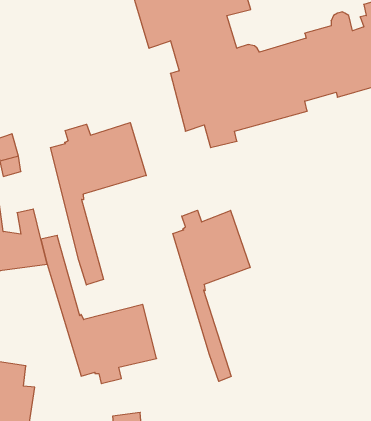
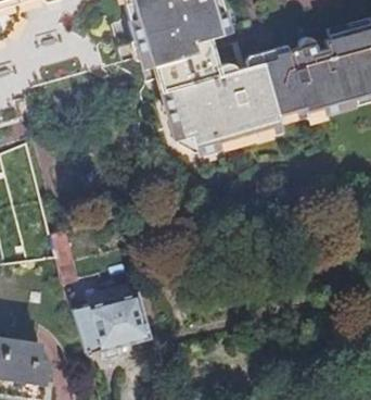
building: [51,123,146,285] -> none
building: [173,210,250,381] -> none

